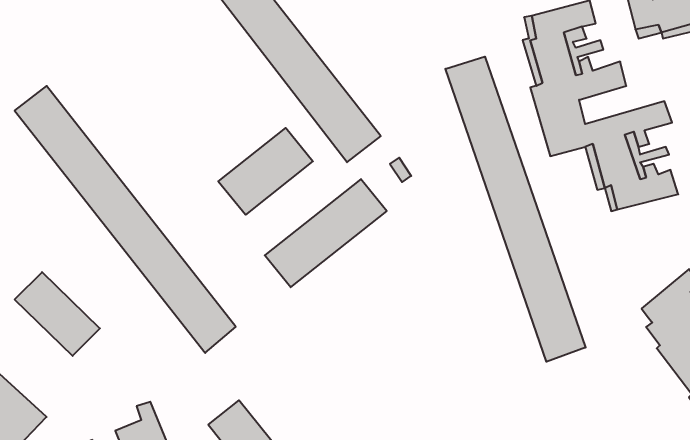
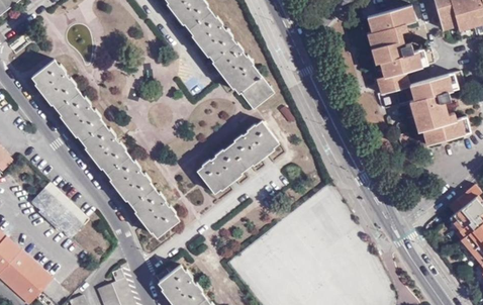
building: [445,57,586,362] -> none
building: [218,128,313,215] -> none

